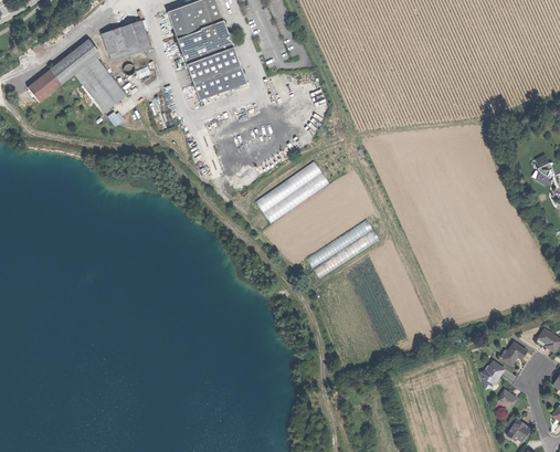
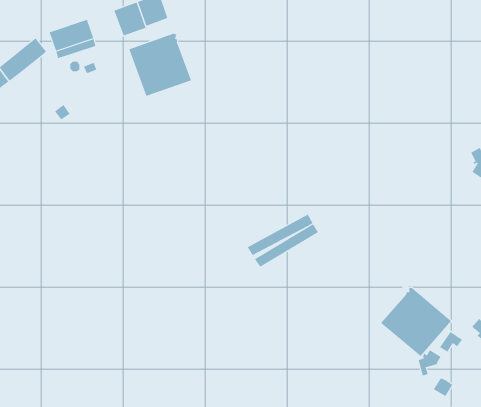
building: [177,20,229,52] -> none
building: [74,57,125,113] -> none
building: [254,162,328,220] -> none
building: none -> [380,287,452,357]

